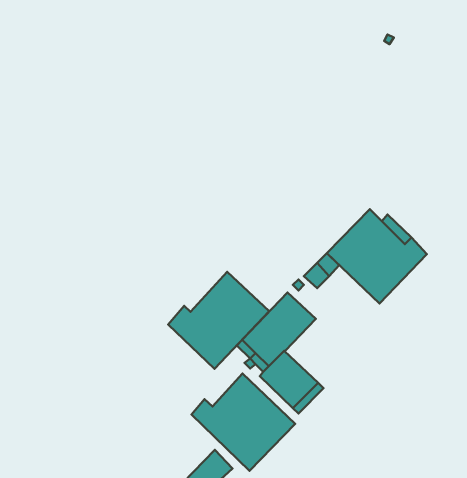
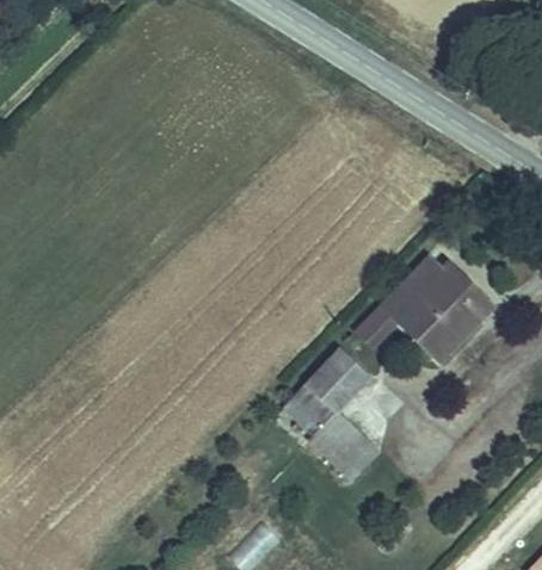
building: [168,272,269,369] -> none
building: [191,374,295,471] -> none

